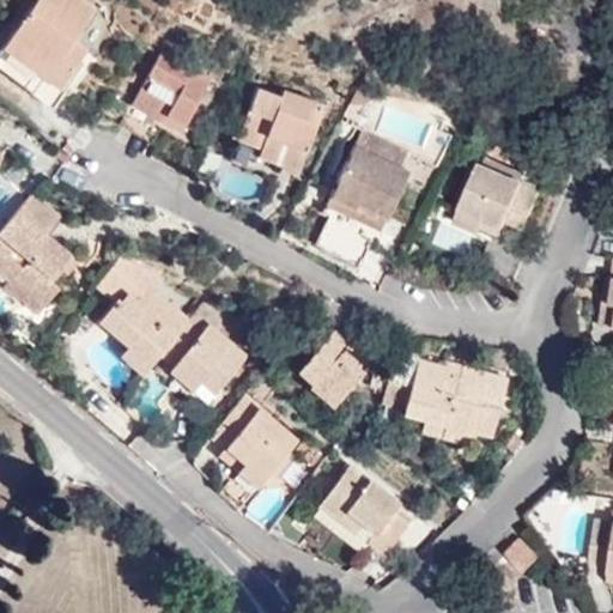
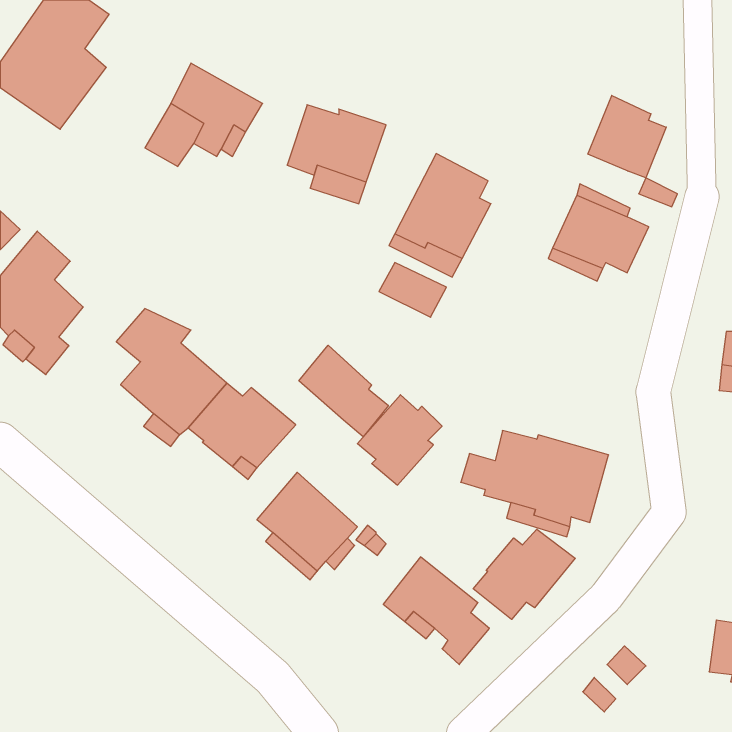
building: none -> [588,95,666,178]
building: none -> [299,345,388,437]
building: none -> [473,529,575,619]

